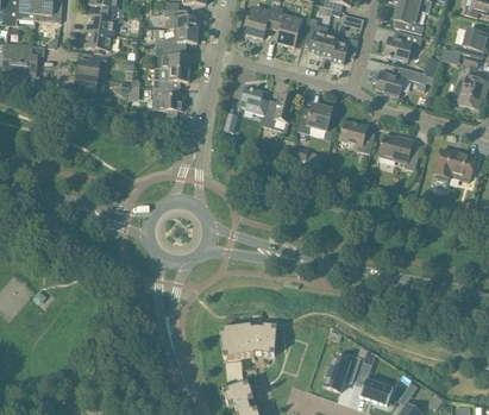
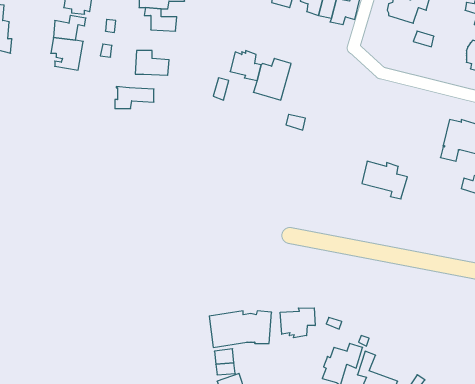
building: [153,67,189,87] -> [115,87,154,109]
building: [374,70,403,96] -> none
building: [297,103,332,133] -> none
building: [338,121,375,153] -> none
building: [378,136,420,170] -> [362,161,407,199]
building: none -> [280,308,315,338]

